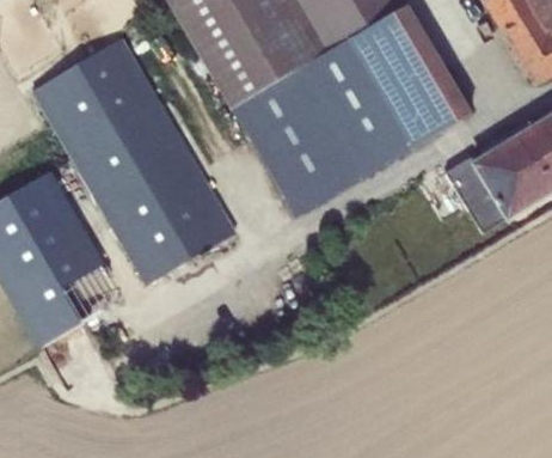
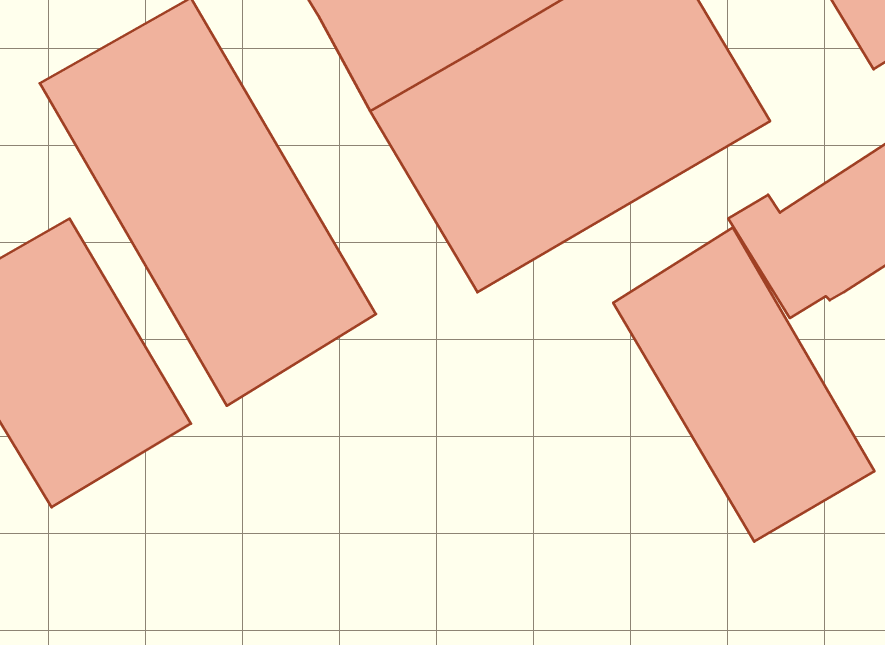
building: none -> [613,228,874,542]

